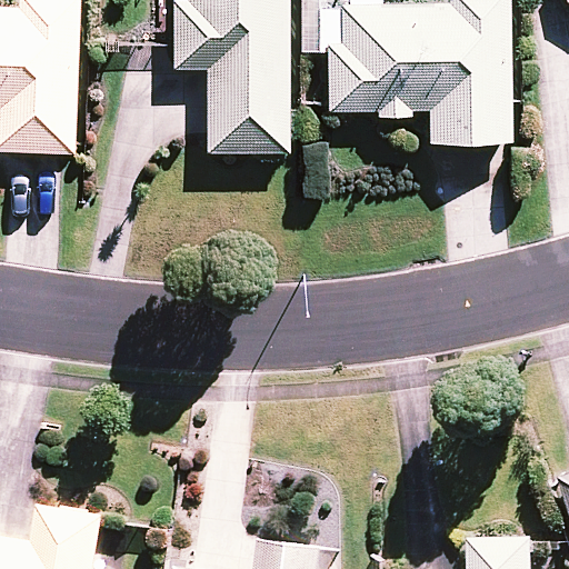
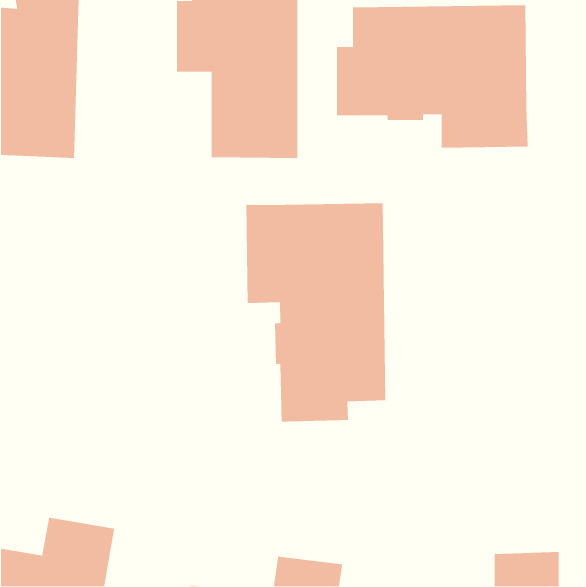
building: none -> [246,203,386,422]

